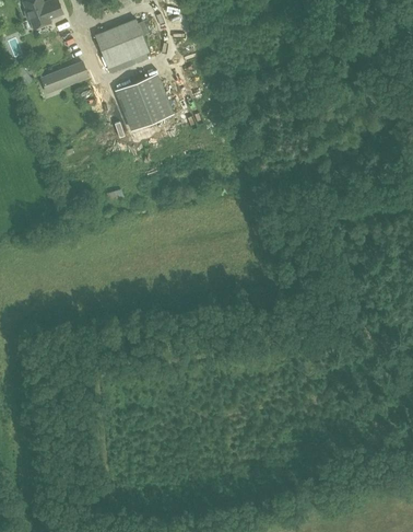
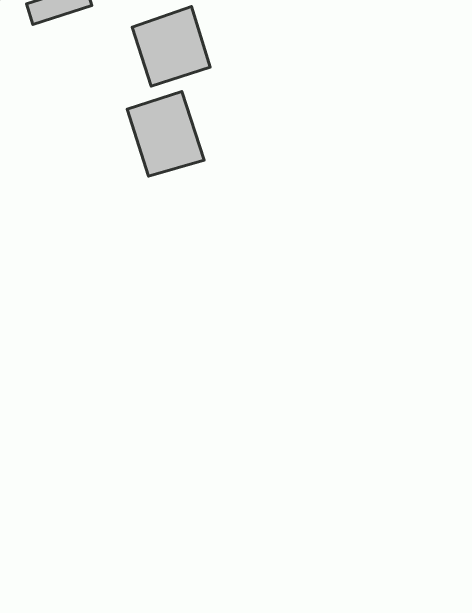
building: none -> [127,92,204,176]

